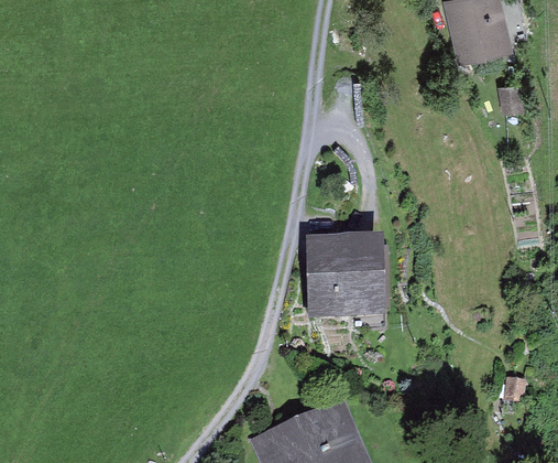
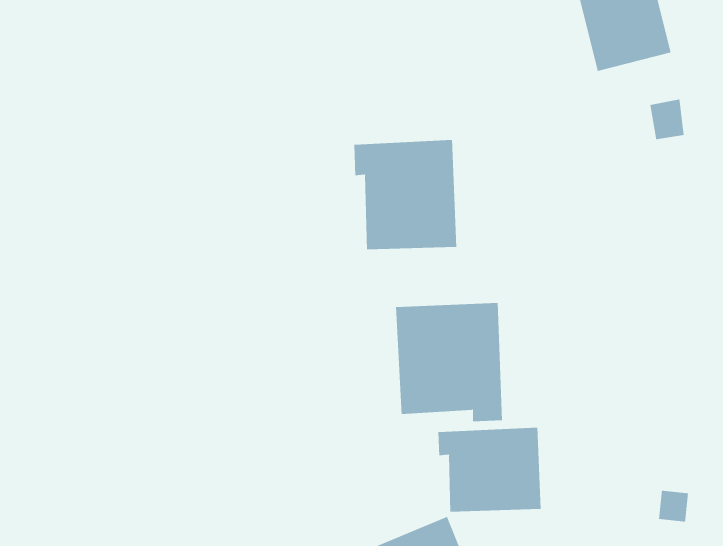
building: none -> [354,139,457,250]
building: none -> [438,427,541,512]

